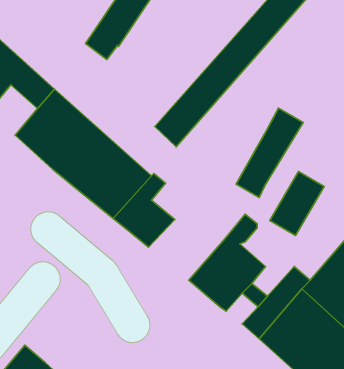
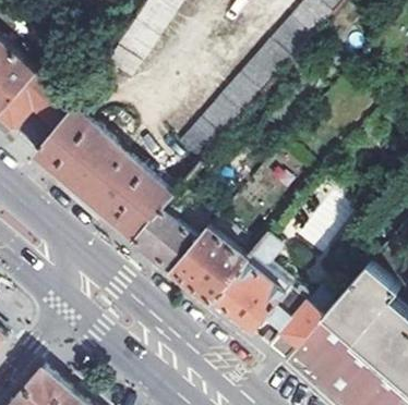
building: [236,108,303,198] -> none
building: none -> [170,230,249,303]

